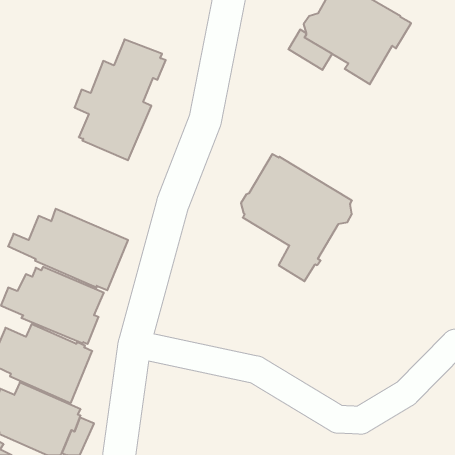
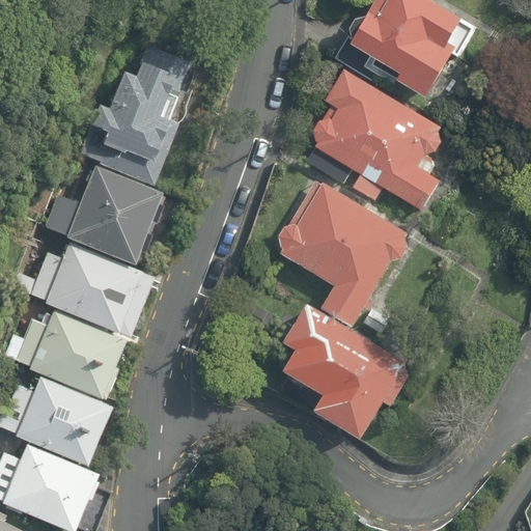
building: none -> [306,67,443,211]
building: none -> [40,165,162,267]
building: none -> [285,303,412,439]

